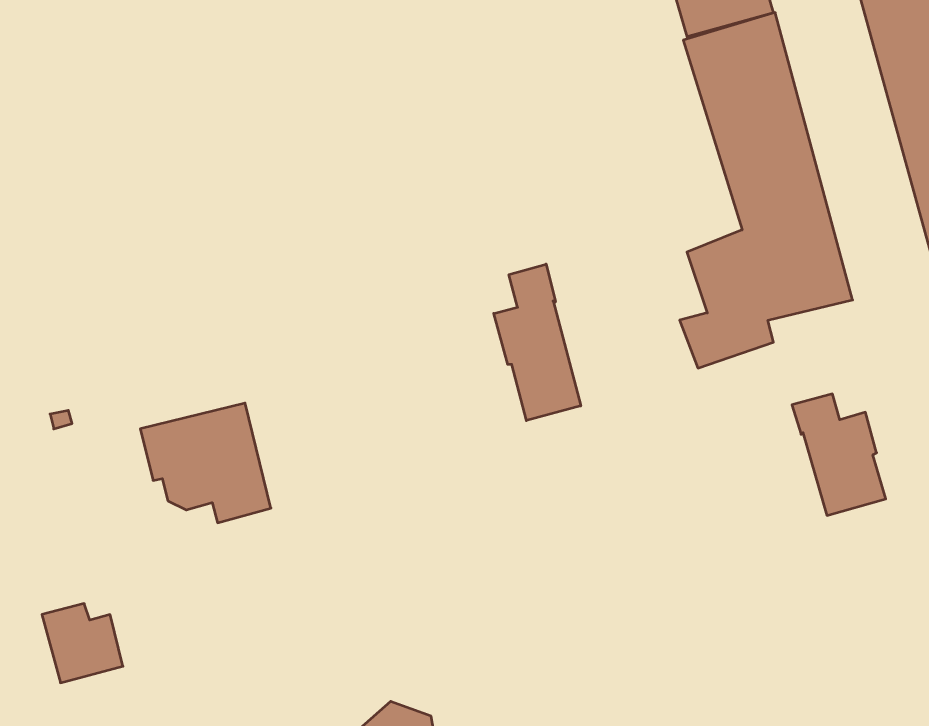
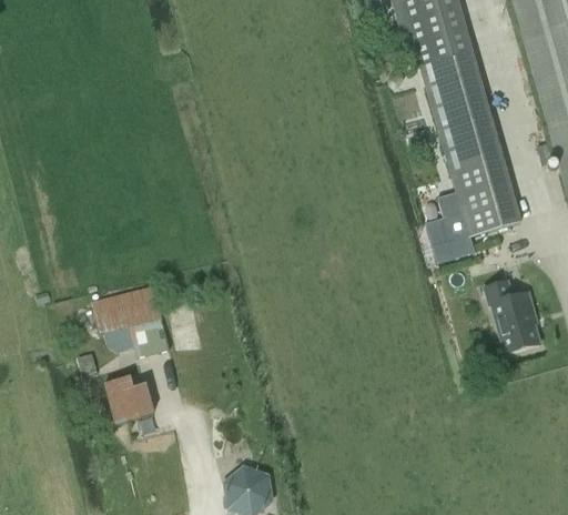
building: [494,264,581,421] -> none
building: [42,604,123,683] -> [104,376,153,424]

